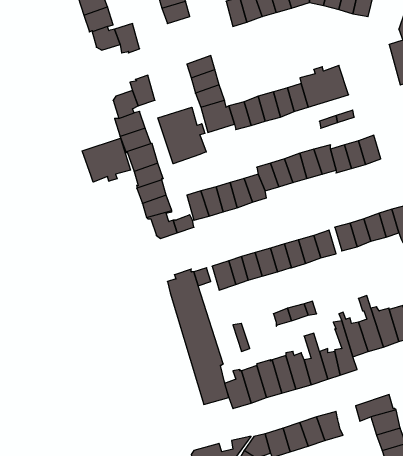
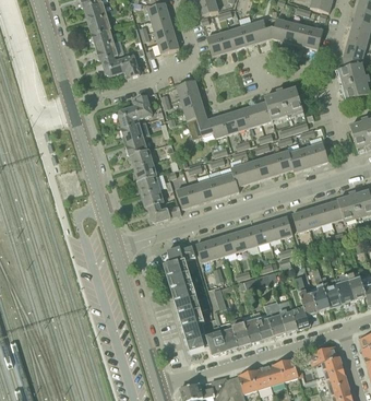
building: [158,107,206,164] -> none
building: [82,138,131,182] -> none

